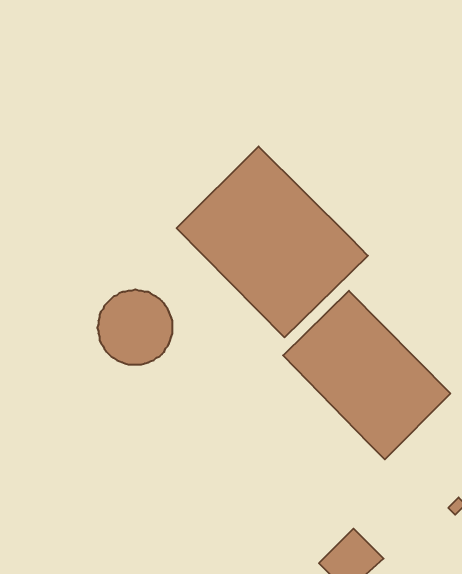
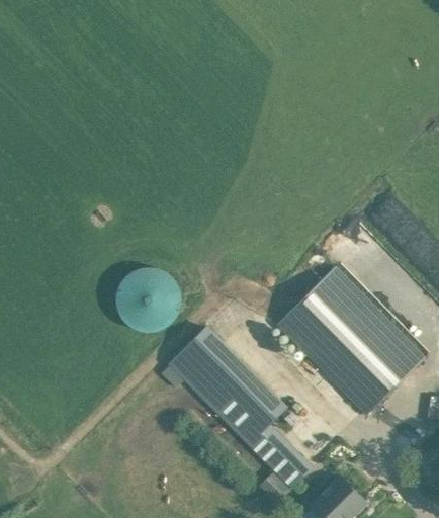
building: [177,146,368,337] -> none
building: none -> [162,326,312,502]

